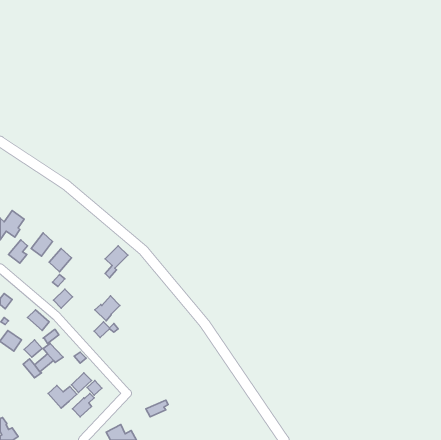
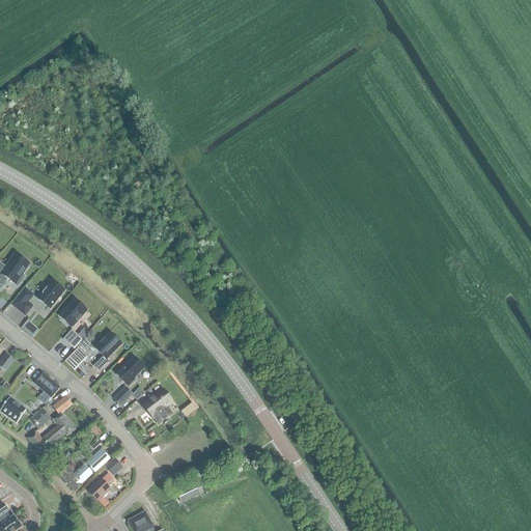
building: [105,246,128,278] -> [94,332,121,370]
building: none -> [142,390,171,423]

